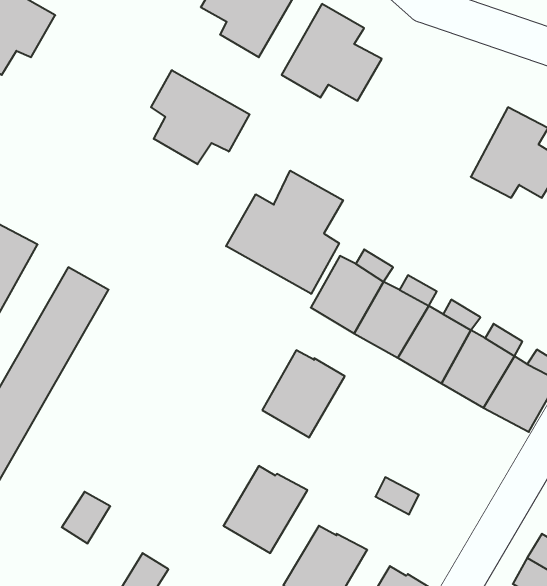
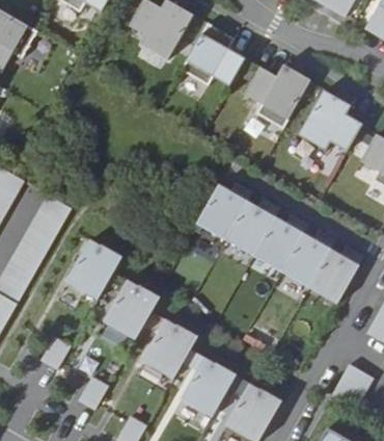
building: [151,70,250,164] -> none
building: none -> [244,66,311,129]
building: [226,171,343,294] -> none
building: none -> [68,241,122,297]
building: [262,350,345,437] -> [107,281,160,337]

